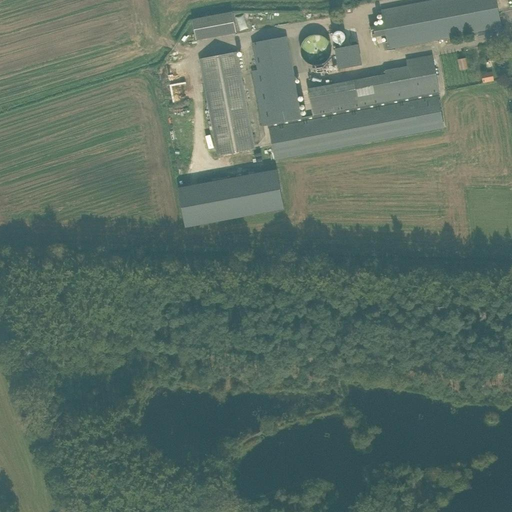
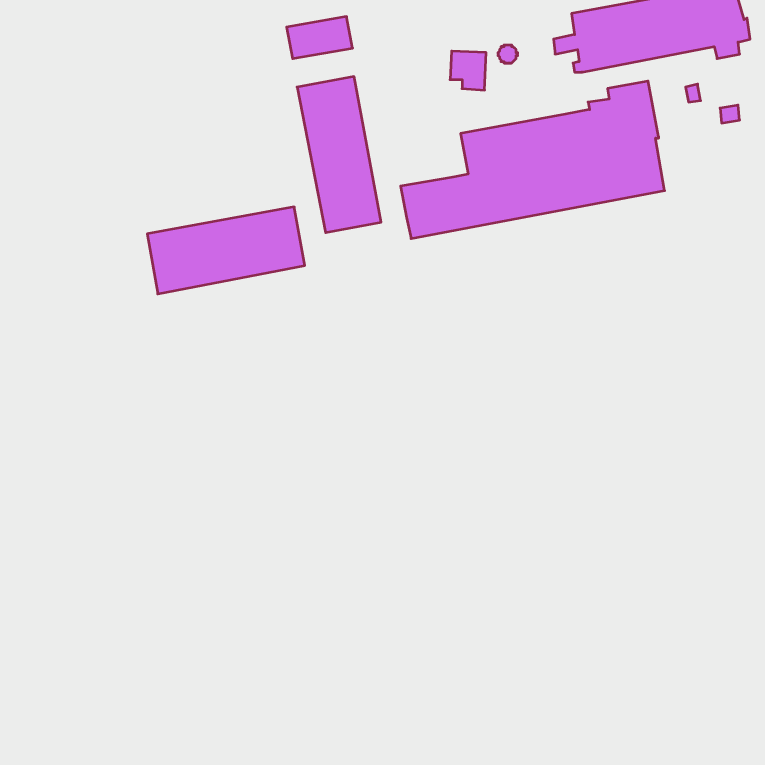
building: [251,35,302,124] -> none
building: [334,44,361,68] -> none
building: [186,170,291,228] -> [147,207,305,294]

